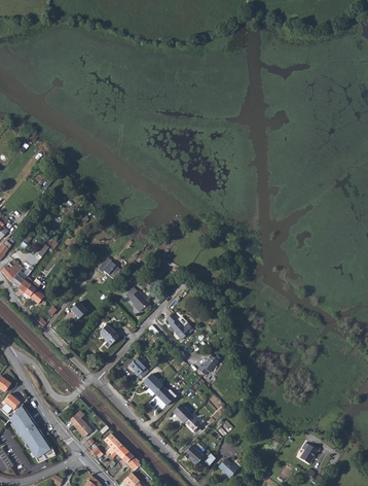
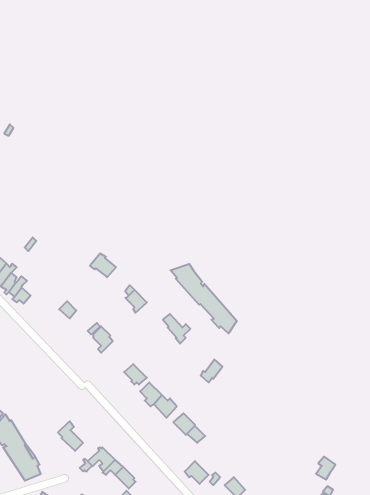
building: none -> [170,264,237,333]

